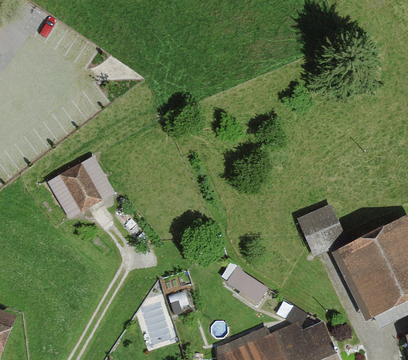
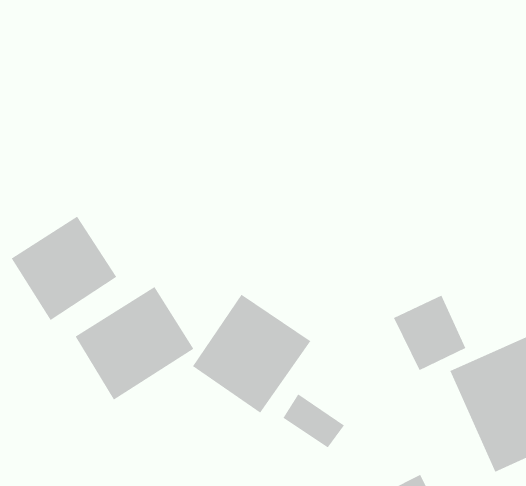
building: none -> [75,286,194,400]
building: none -> [192,294,311,413]

